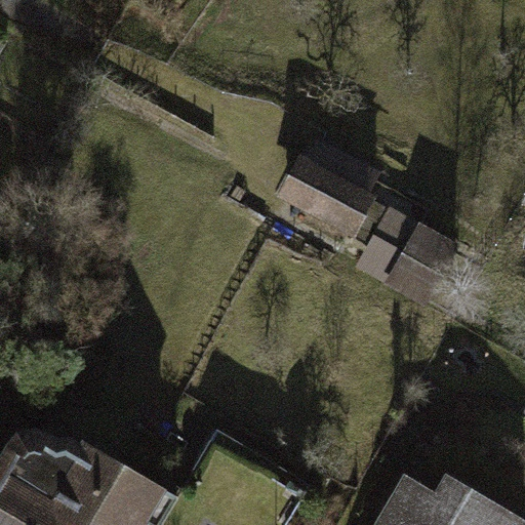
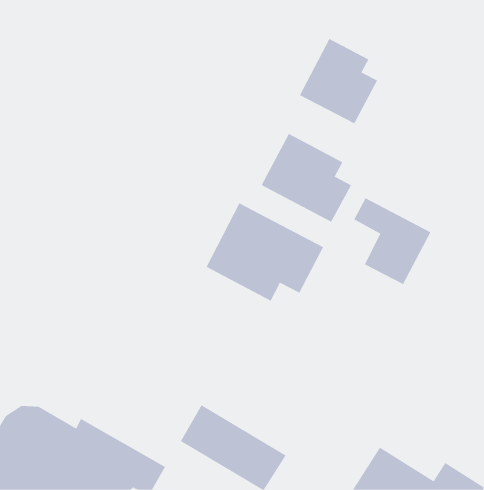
building: none -> [299,38,378,124]
building: none -> [206,202,324,301]

